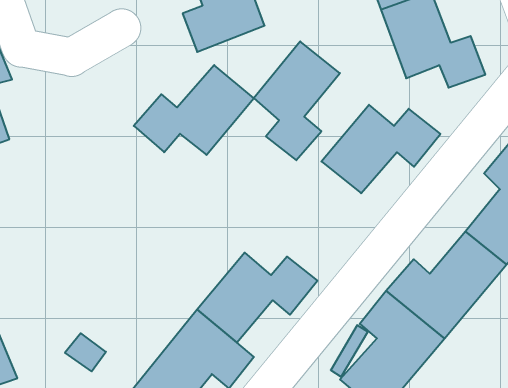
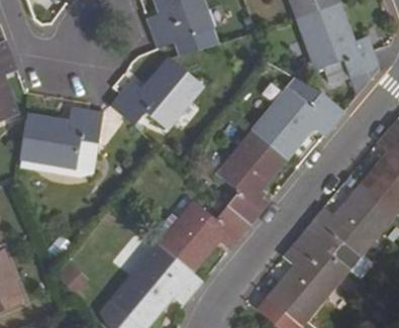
building: [254,41,340,160] -> [217,133,283,224]
building: none -> [19,110,102,168]

